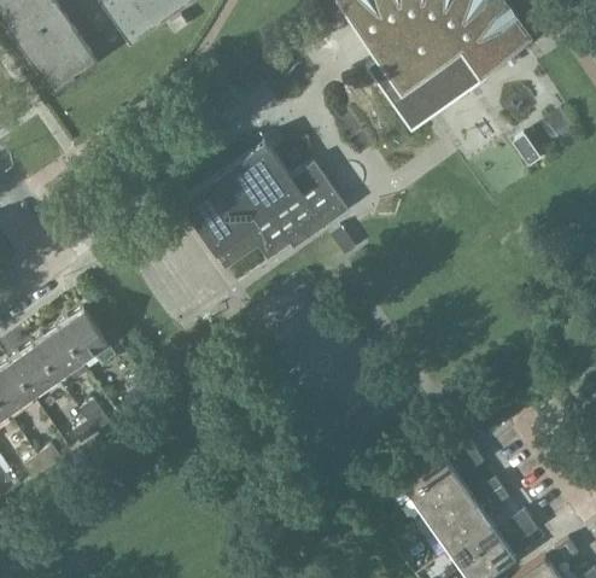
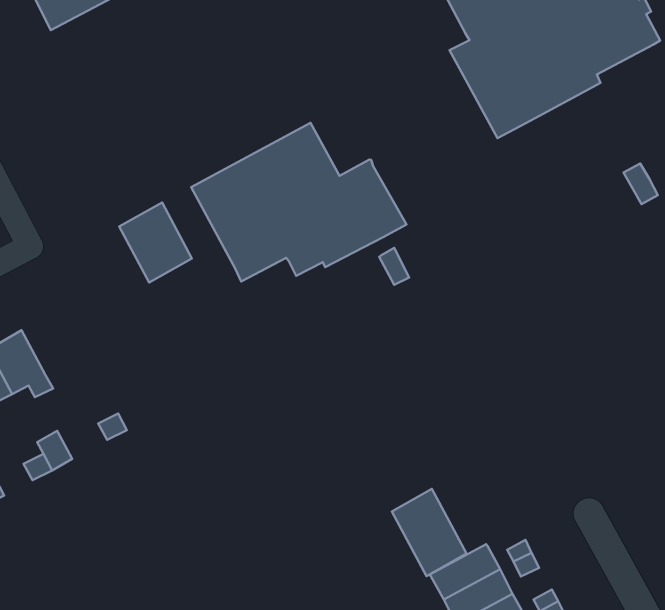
building: none -> [119,203,192,282]
building: [58,309,116,363] -> none
building: none -> [392,489,467,576]

